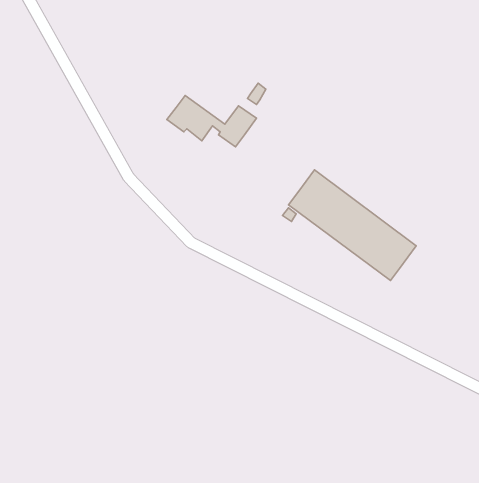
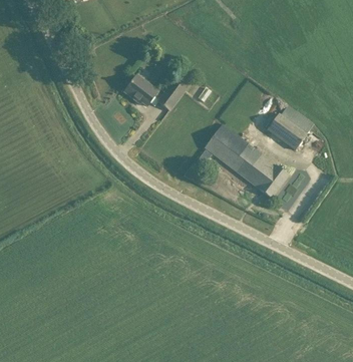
building: none -> [267,103,313,149]

